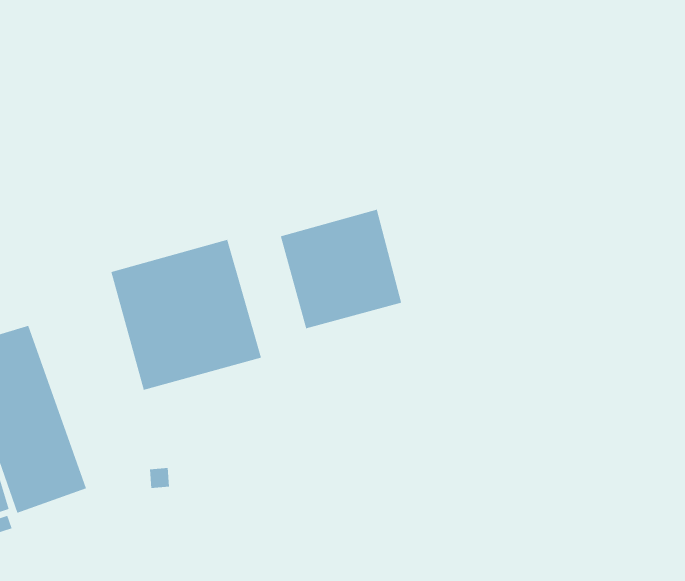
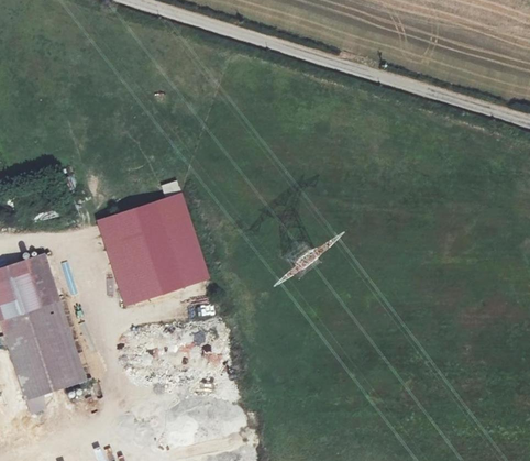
building: [280,209,402,329] -> none

